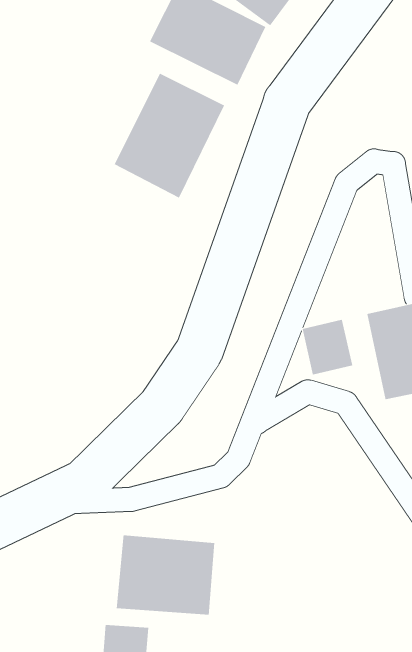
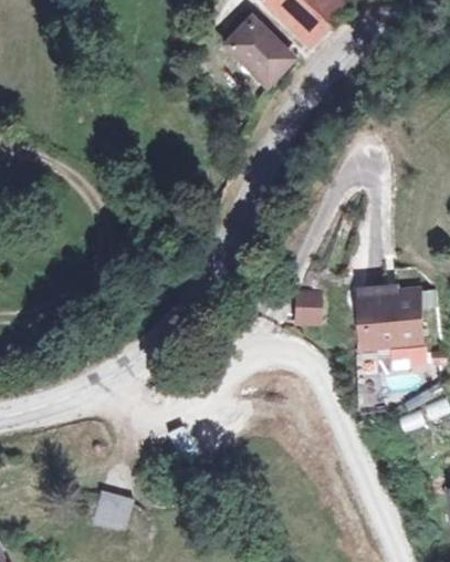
building: [114,73,225,199] -> none
building: [116,535,215,615] -> none

